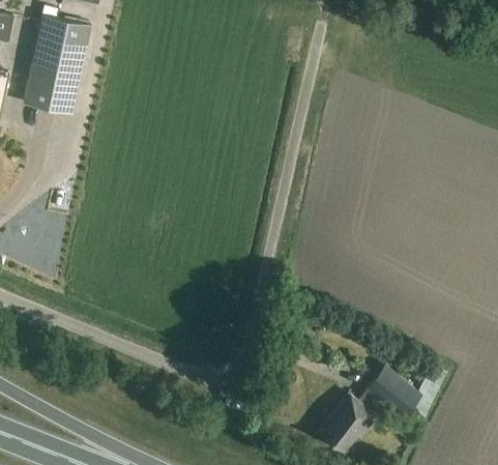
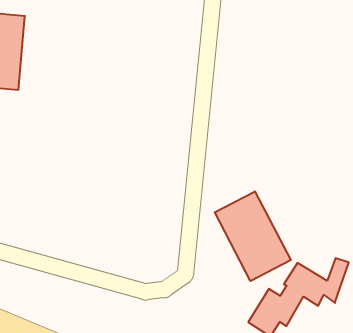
building: none -> [215,191,291,281]

